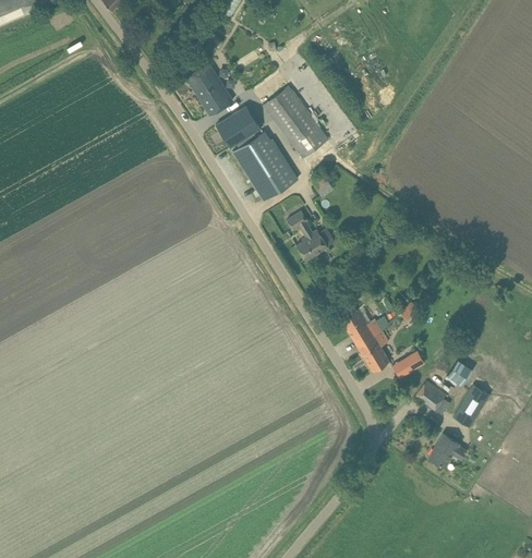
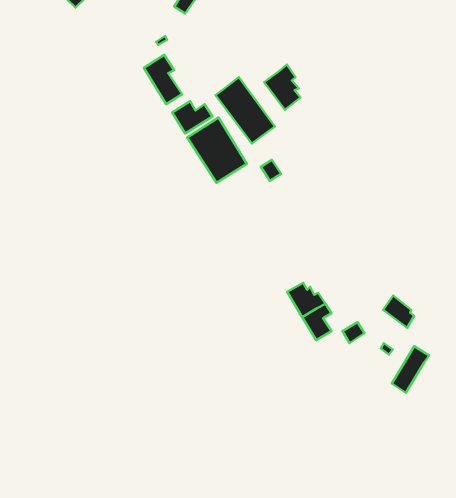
building: none -> [264,65,300,110]
building: [287,210,332,259] -> none
building: [415,379,449,414] -> [383,296,414,328]
building: [428,433,466,465] -> none

